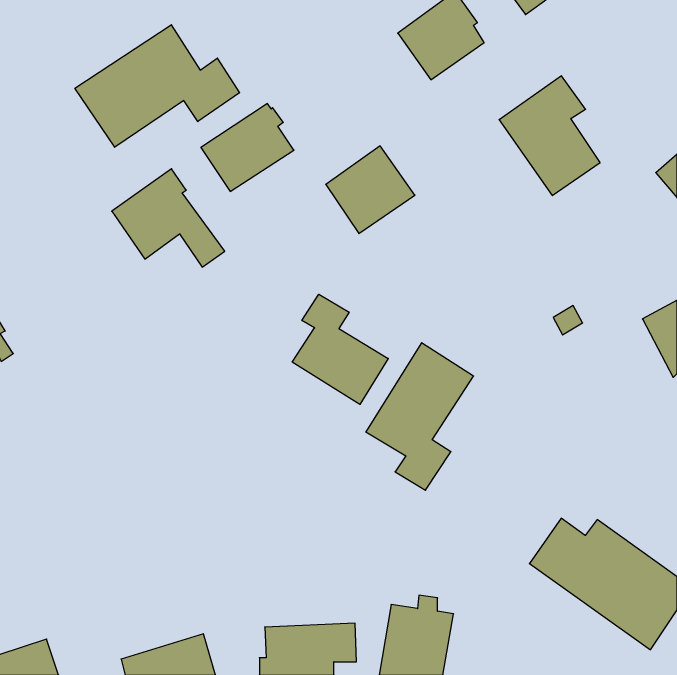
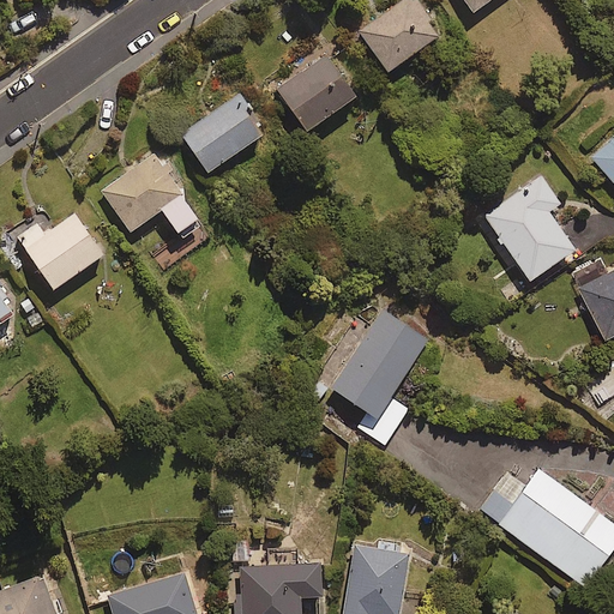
building: [75,25,240,147] -> none
building: [499,76,600,196] -> [483,174,574,282]
building: [326,146,415,234] -> [277,54,357,133]
building: none -> [14,212,103,291]
building: [292,294,388,404] -> none

